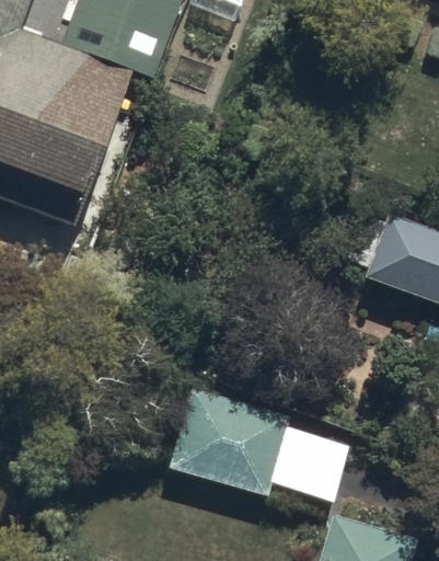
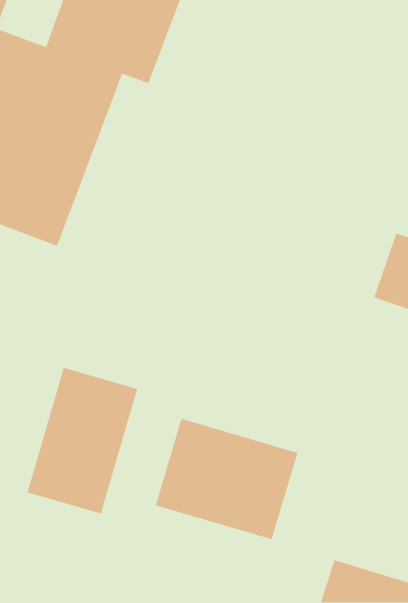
building: none -> [26,367,138,515]

